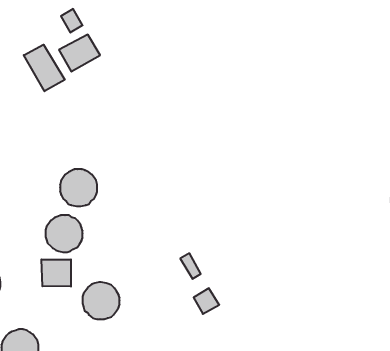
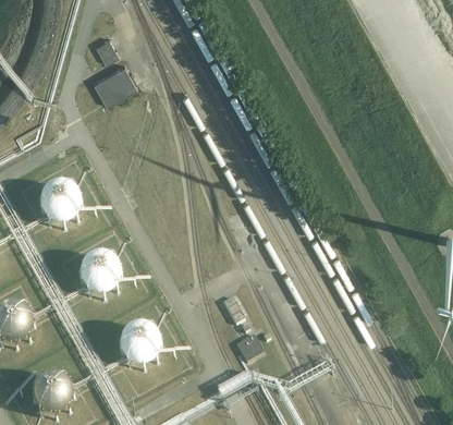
building: [24,45,65,91] -> none
building: [60,169,97,206] -> [36,185,75,224]
building: [41,259,71,287] -> none

